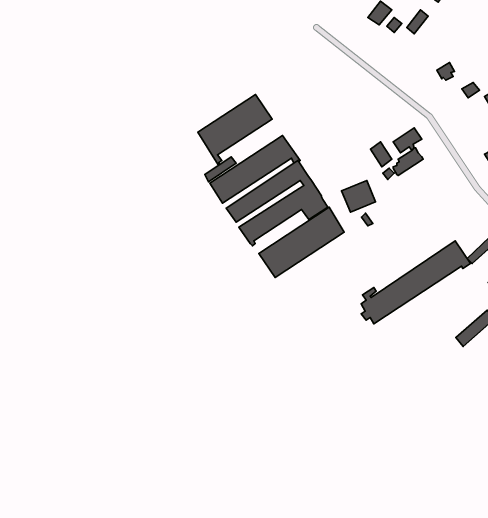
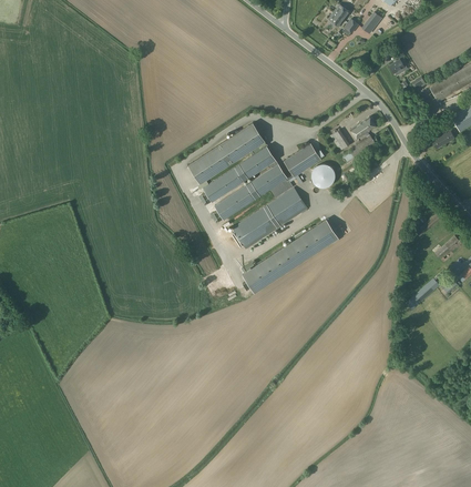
building: [198,94,272,165] -> none
building: none -> [284,143,320,180]
building: [361,241,470,324] -> [243,219,339,292]

